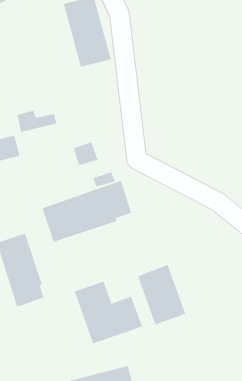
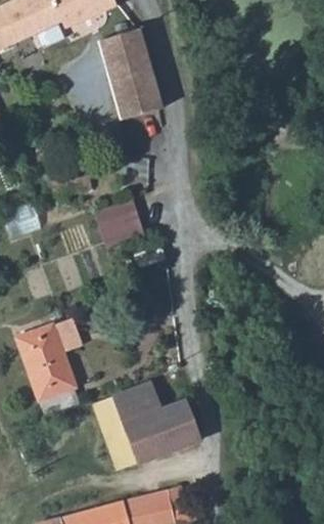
building: [42,180,132,243] -> none
building: [137,264,186,326] -> none
building: none -> [101,423,136,468]

